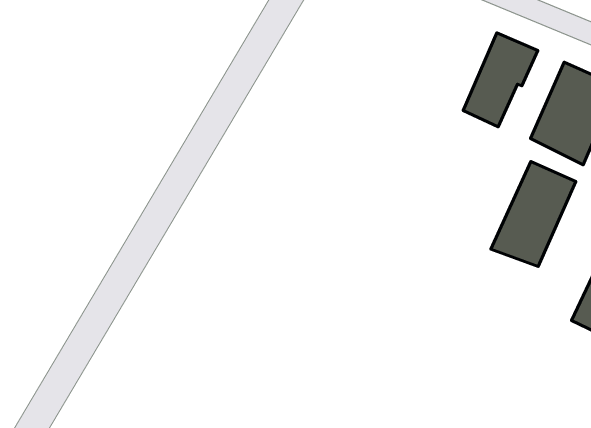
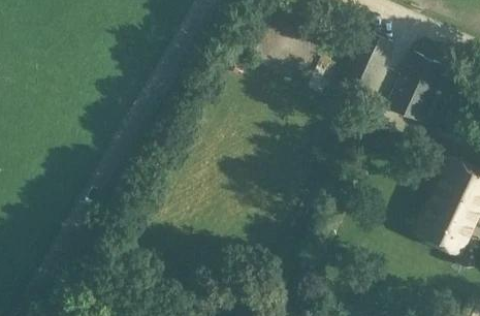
building: [491,162,576,267] -> none

